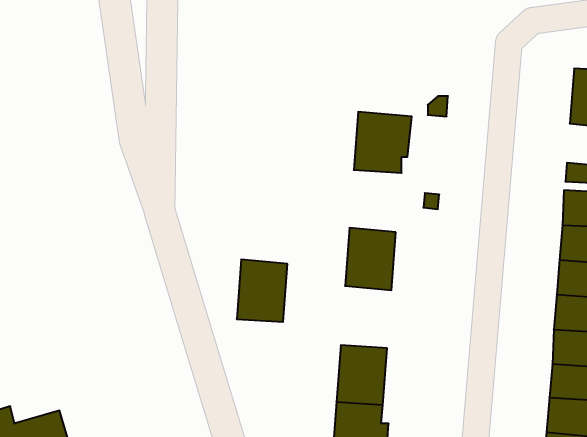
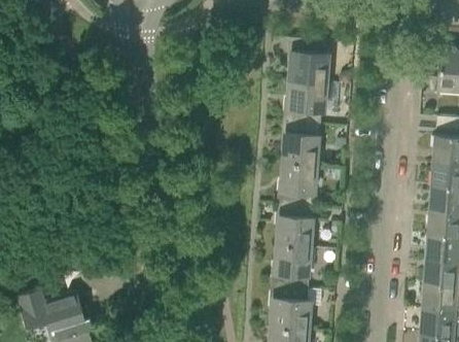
building: none -> [288,41,328,86]
building: none -> [282,124,319,168]
building: [237,260,287,322] -> [276,206,312,250]

